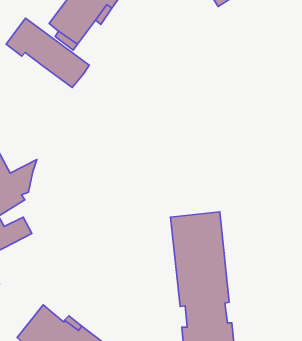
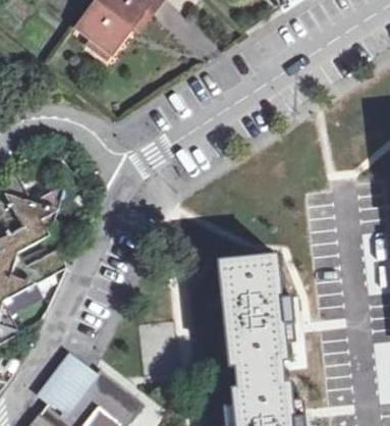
building: [6,18,89,87] -> none

